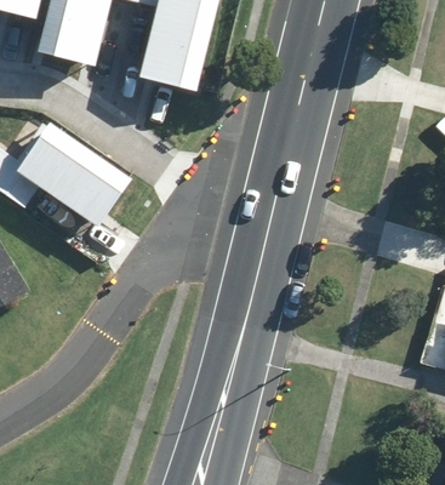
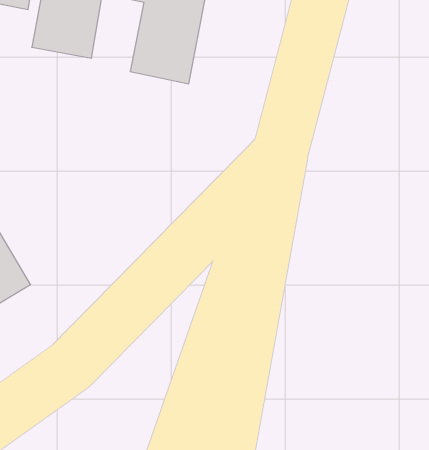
building: [15,126,121,219] -> none

